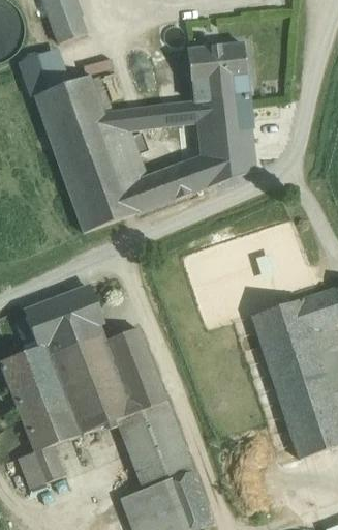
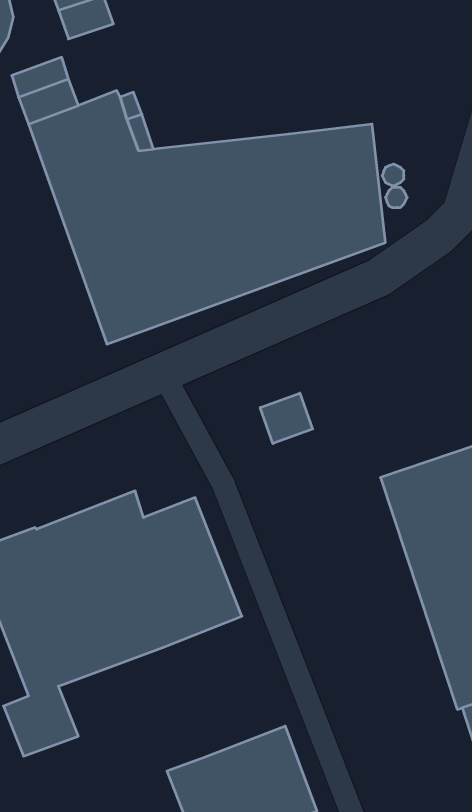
building: [188,42,250,101] -> none
building: none -> [260,393,313,444]
building: [26,286,103,347] -> none
building: [118,401,194,489] -> none

